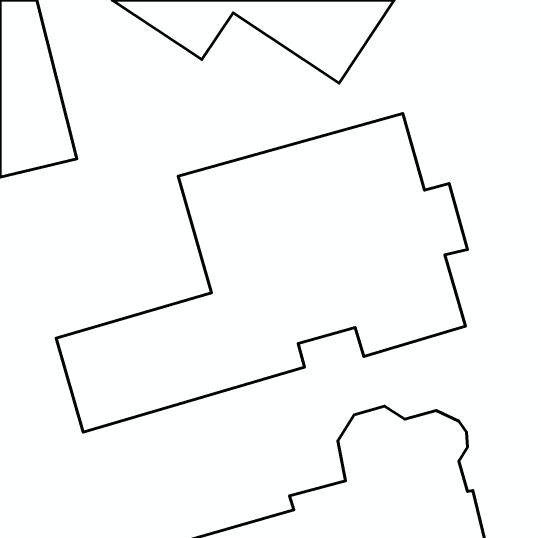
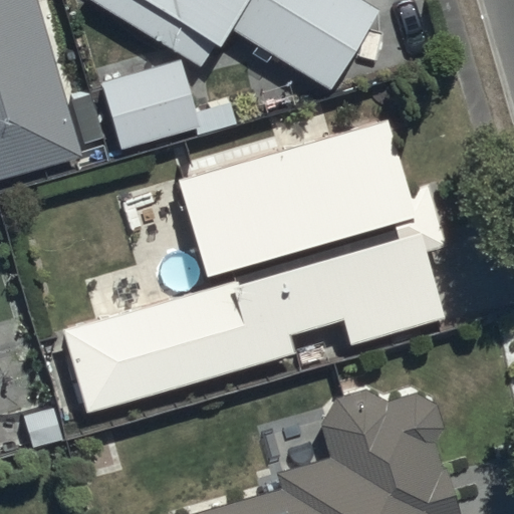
building: none -> [100,57,199,150]

